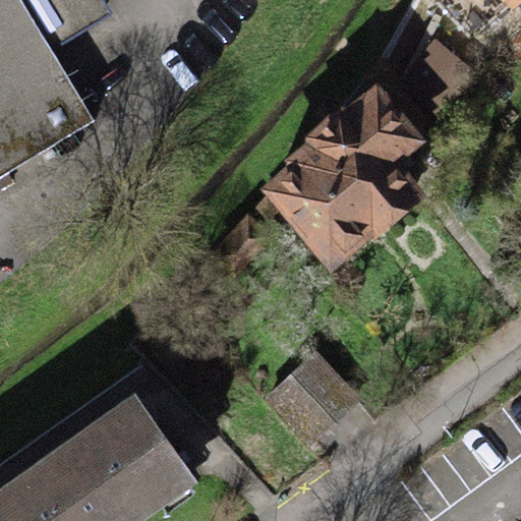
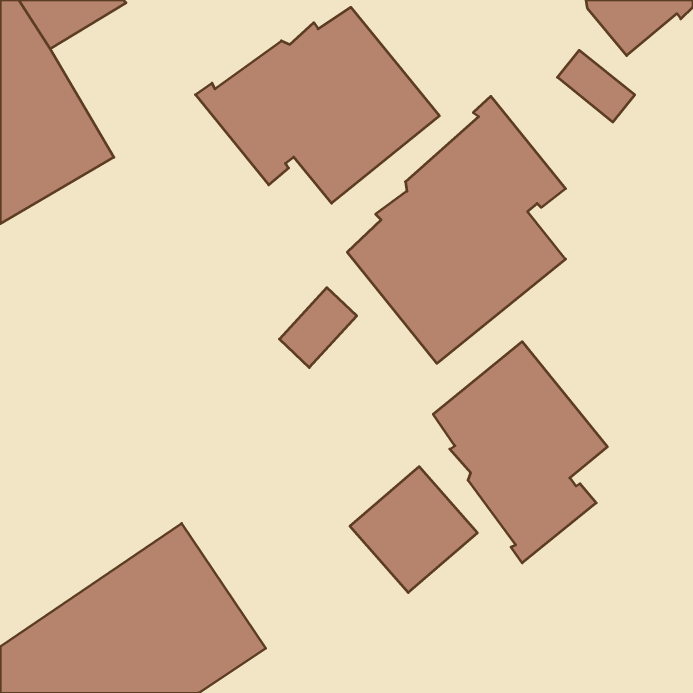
building: none -> [195,7,439,203]
building: none -> [433,342,607,563]

